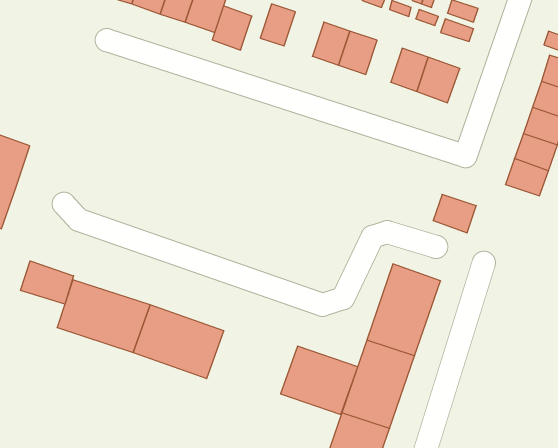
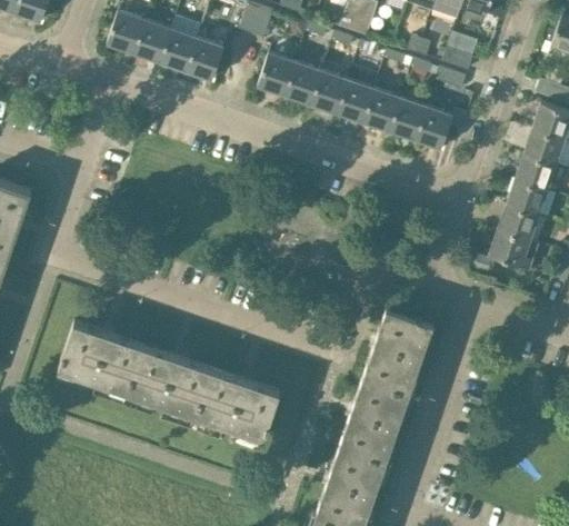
building: [212,6,252,50] -> [281,60,320,103]
building: none -> [361,88,397,129]
building: [433,194,476,233] -> [489,229,531,267]
building: [20,261,74,304] -> none
building: [281,346,358,414] -> [206,373,281,439]

